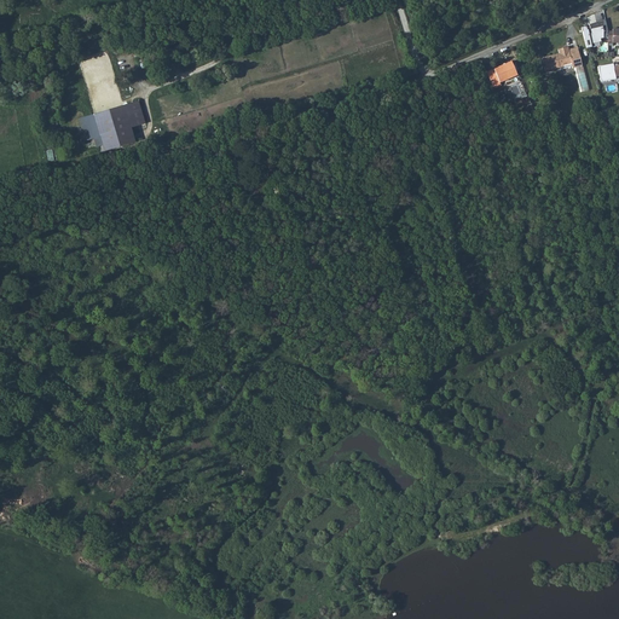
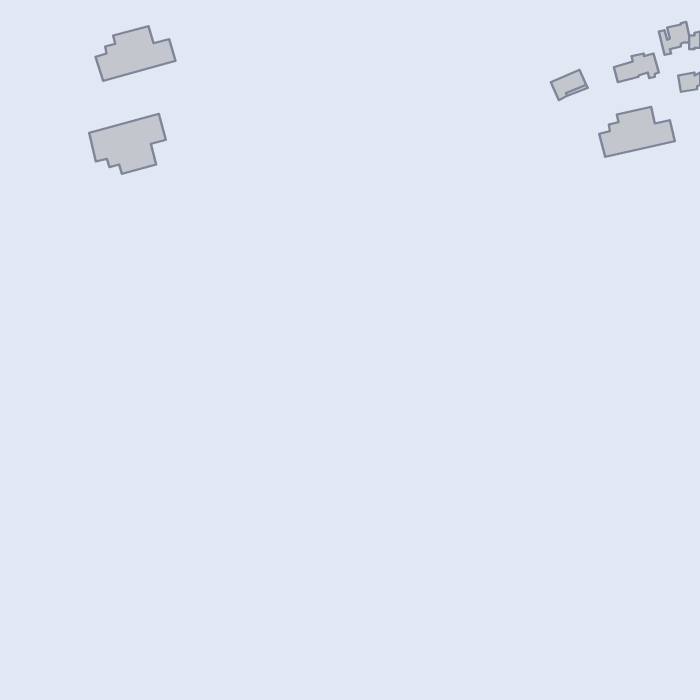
building: none -> [95,26,175,81]
building: none -> [599,107,675,157]

